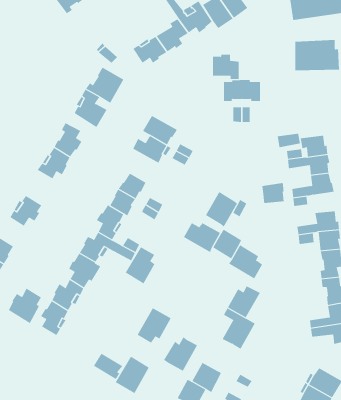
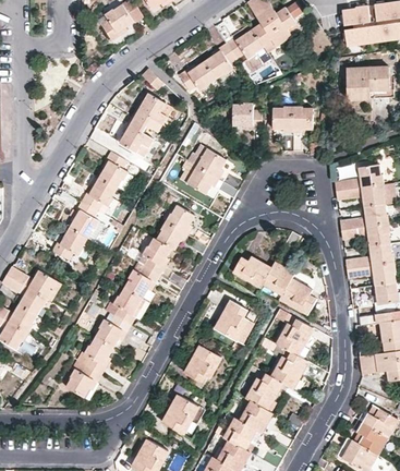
building: [212,54,239,79] -> [232,104,260,130]
building: none -> [68,202,96,239]
building: [261,183,285,204] -> [365,225,389,246]
building: [205,191,238,227] -> none
building: [125,246,155,284] -> [214,301,245,340]
building: [8,288,42,324] -> [65,364,100,401]
building: [163,337,198,371] -> [246,374,282,410]
building: [93,353,123,380] -> none

